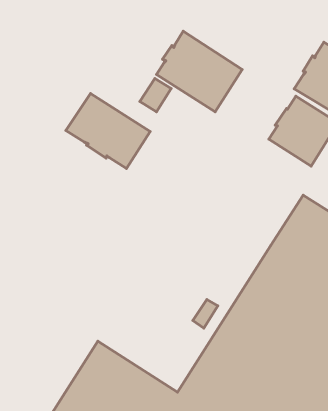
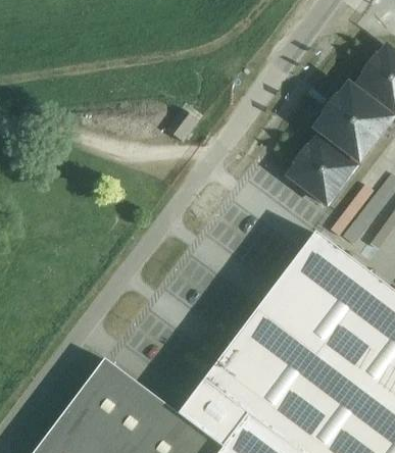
building: [157,31,242,112] -> none
building: [66,93,150,168] -> none

